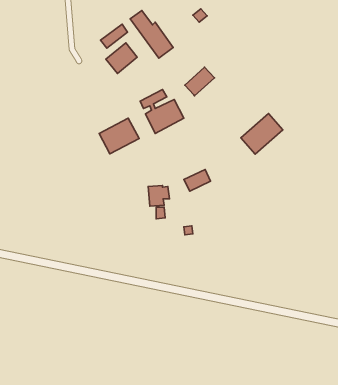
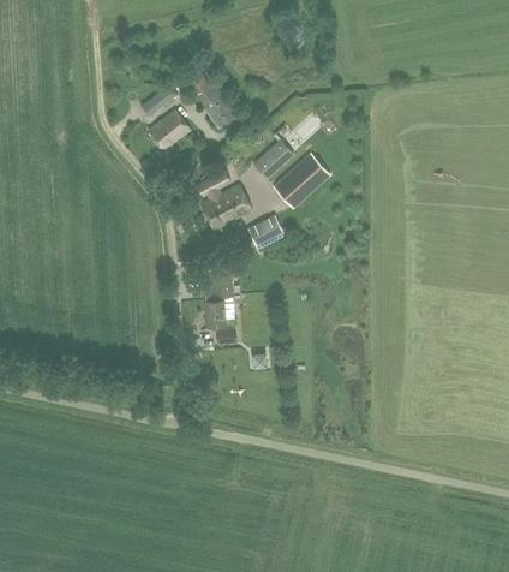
building: [241,114,283,154] -> [273,153,329,207]
building: [99,118,139,154] -> none
building: [184,170,211,191] -> [247,215,283,244]

